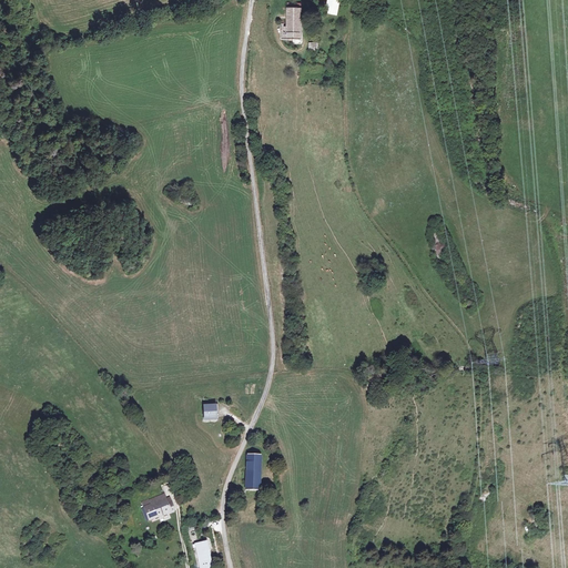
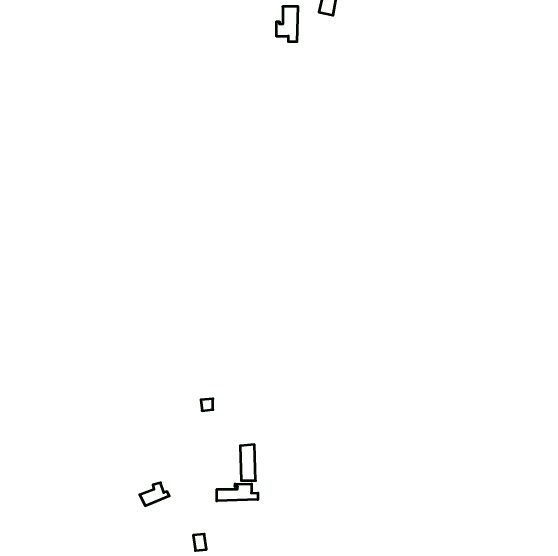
building: none -> [217,484,258,501]

